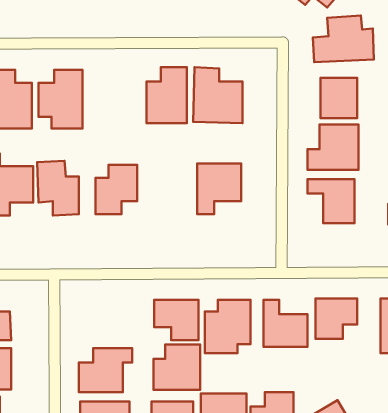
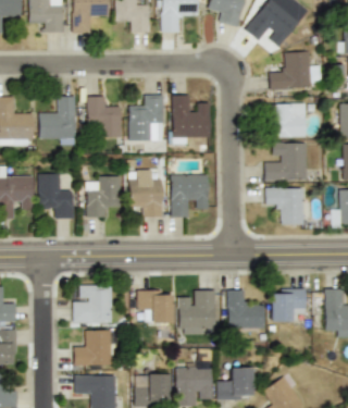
building: none -> [87,96,121,137]
building: none -> [129,169,163,218]
building: [153,344,200,390] -> [73,285,112,323]

